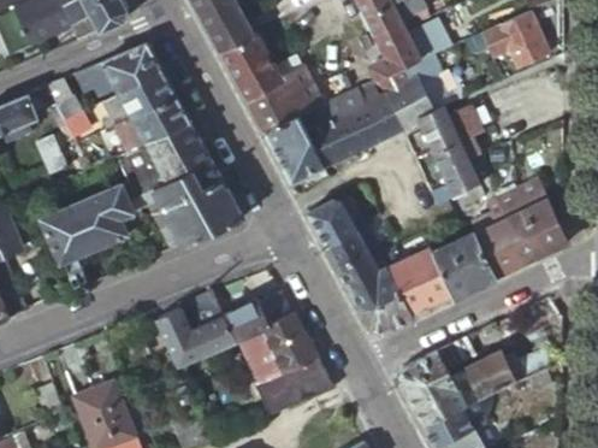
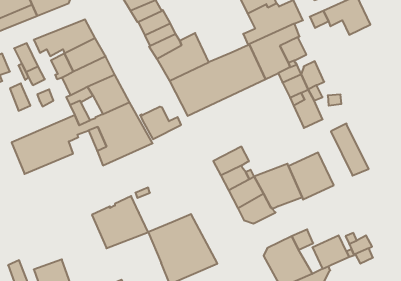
building: [514,181,567,255] -> none
building: [308,199,366,244] -> [140,107,181,139]
building: [473,202,522,277] -> none
building: [221,300,270,344] -> none

